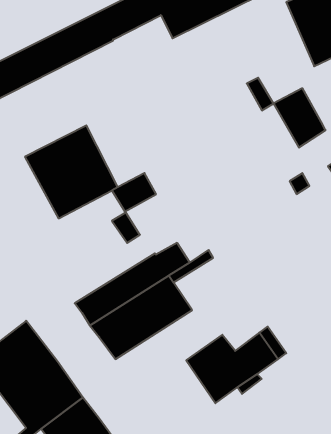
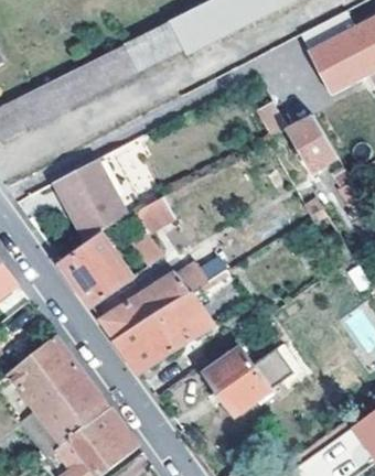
building: none -> [61,235,131,305]

